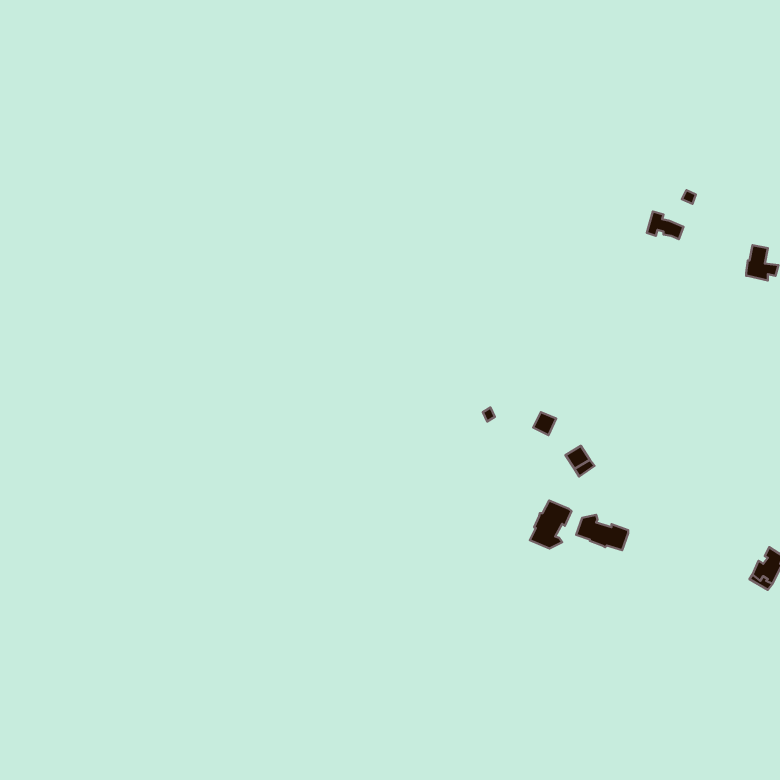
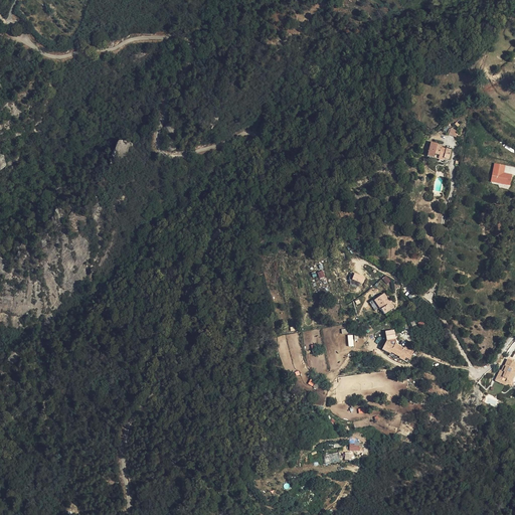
building: [530,500,572,548] -> none

